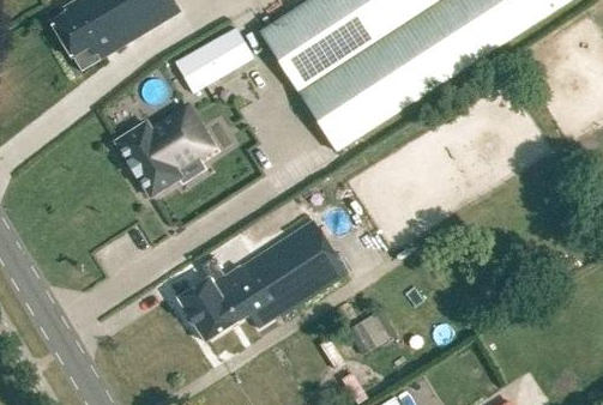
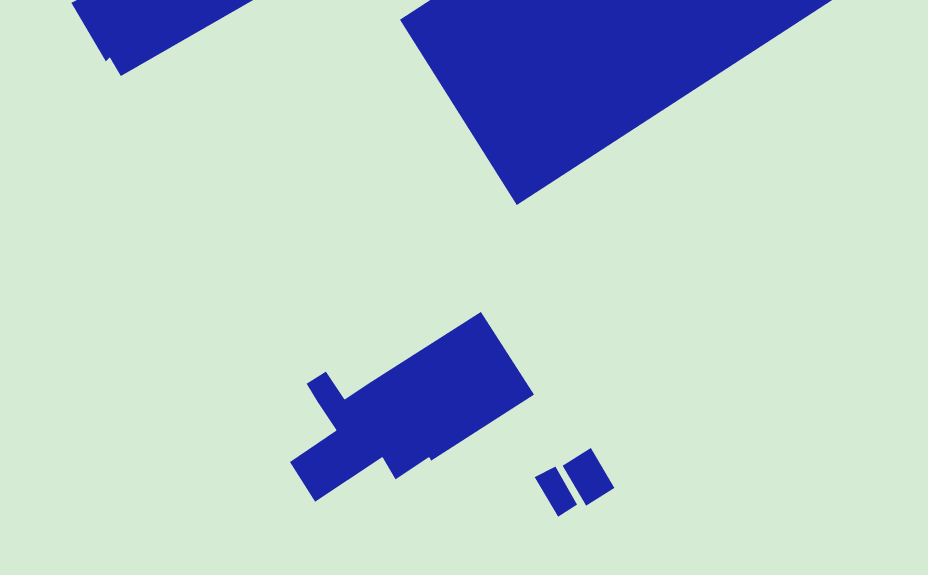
building: [175,28,253,92] -> none
building: [116,107,211,194] -> none
building: [177,278,219,316] -> none

